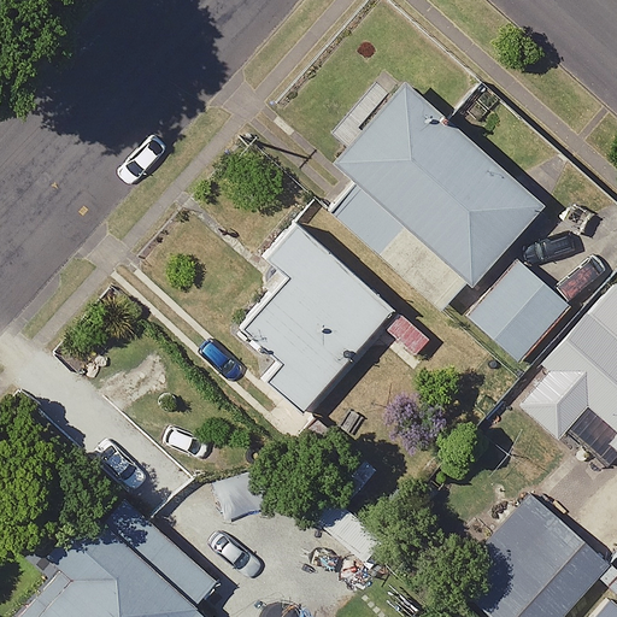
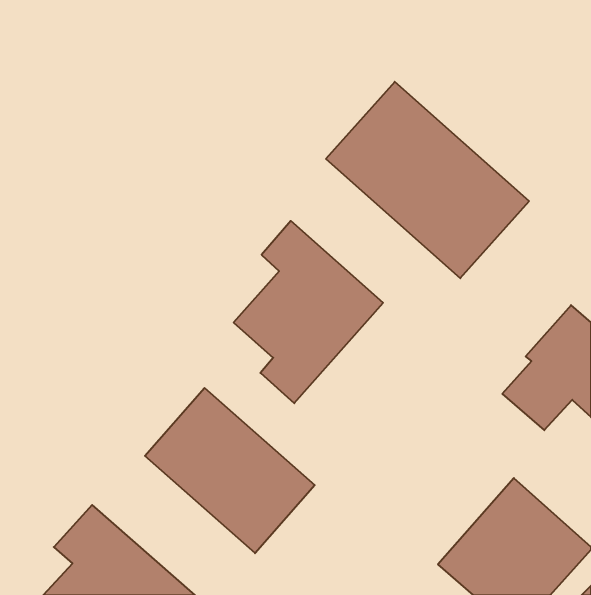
building: [471,260,575,364] -> none
building: none -> [145,388,315,553]

